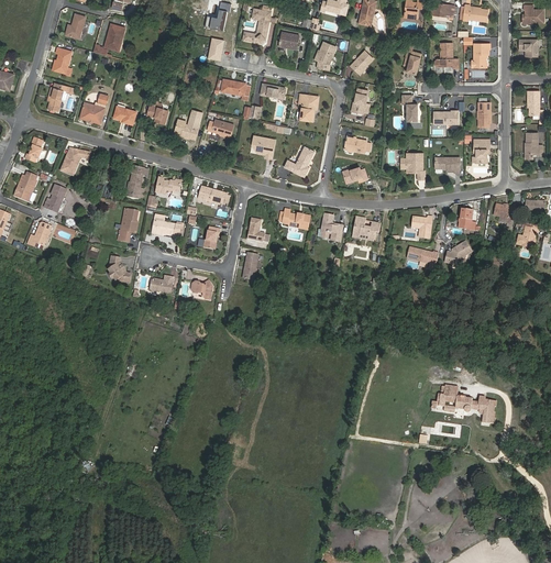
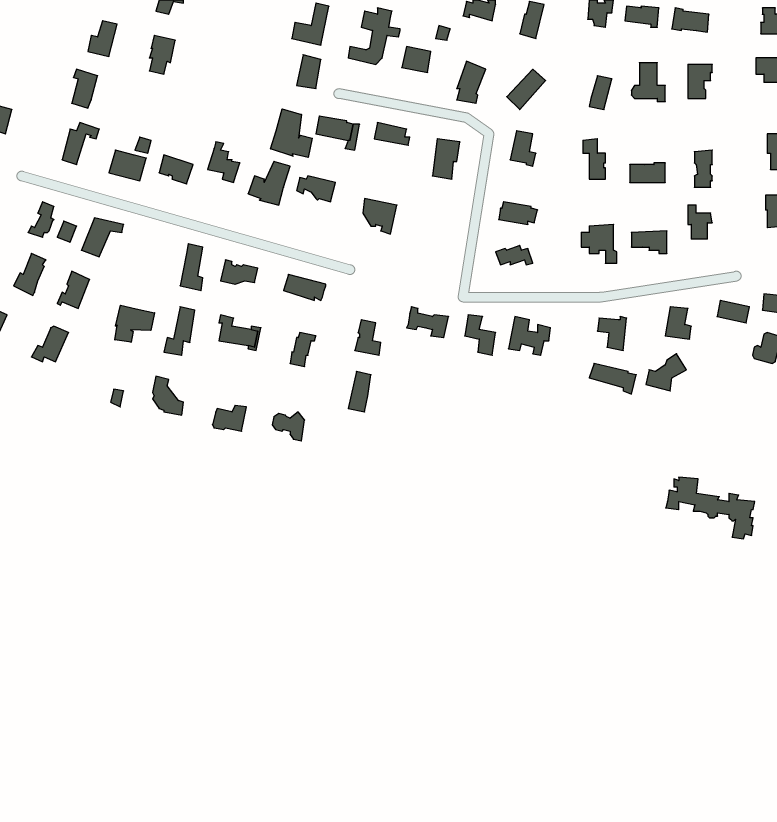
building: none -> [271,109,312,157]
building: [284,146,315,177] -> none
building: none -> [115,305,155,342]
building: [436,385,496,427] -> [666,477,755,539]

